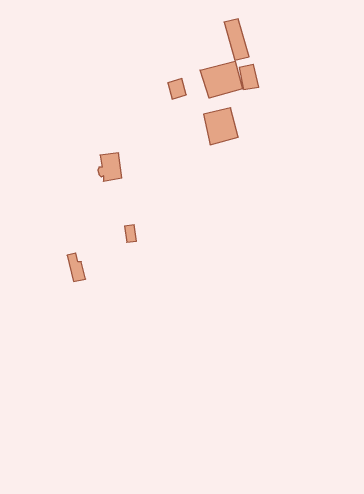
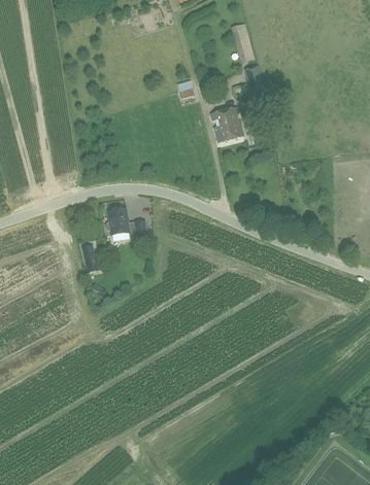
building: [200,61,242,98] -> none
building: [98,153,122,181] -> [106,208,129,235]

